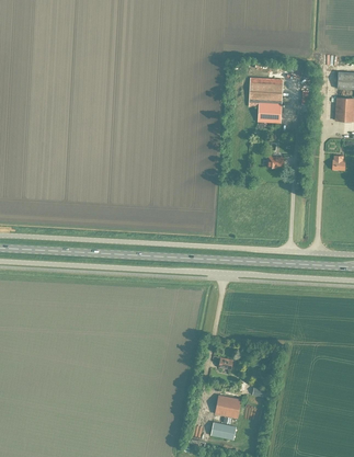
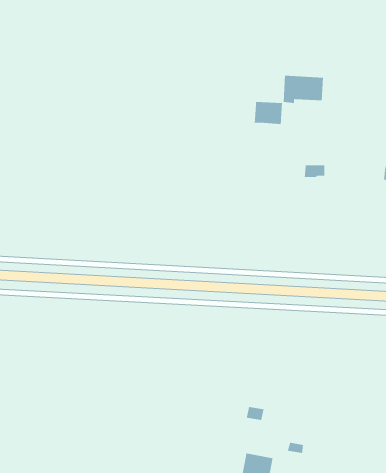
building: [258,103,282,123] -> [254,101,283,125]

